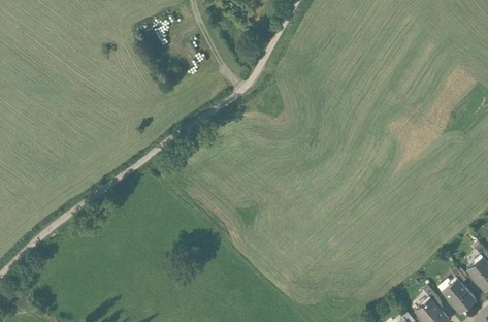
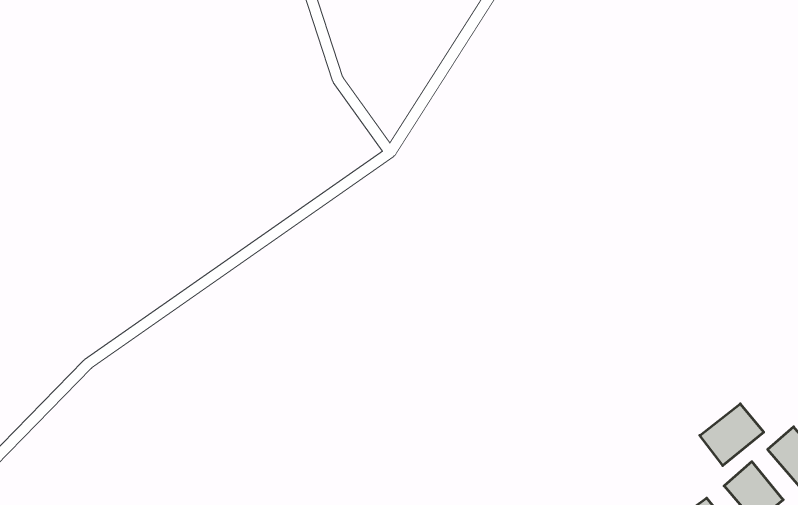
building: none -> [700,404,764,466]

